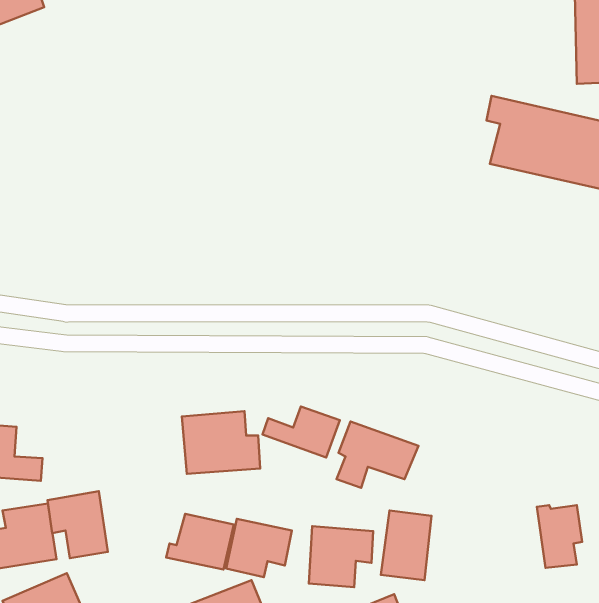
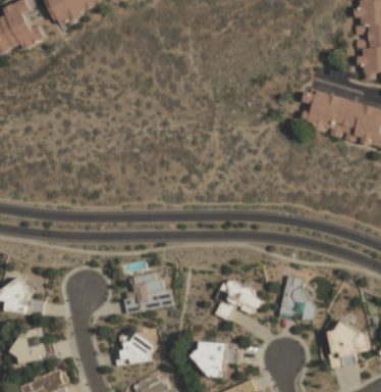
building: [263,406,340,457] -> none
building: [48,491,108,558] -> none
building: [381,511,431,580] -> [282,276,312,316]
building: [226,519,292,577] -> none

